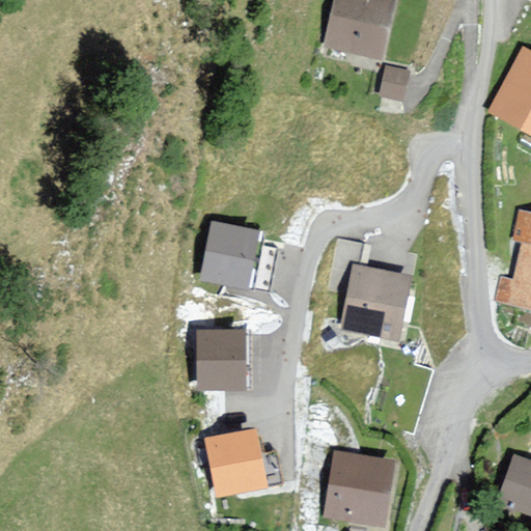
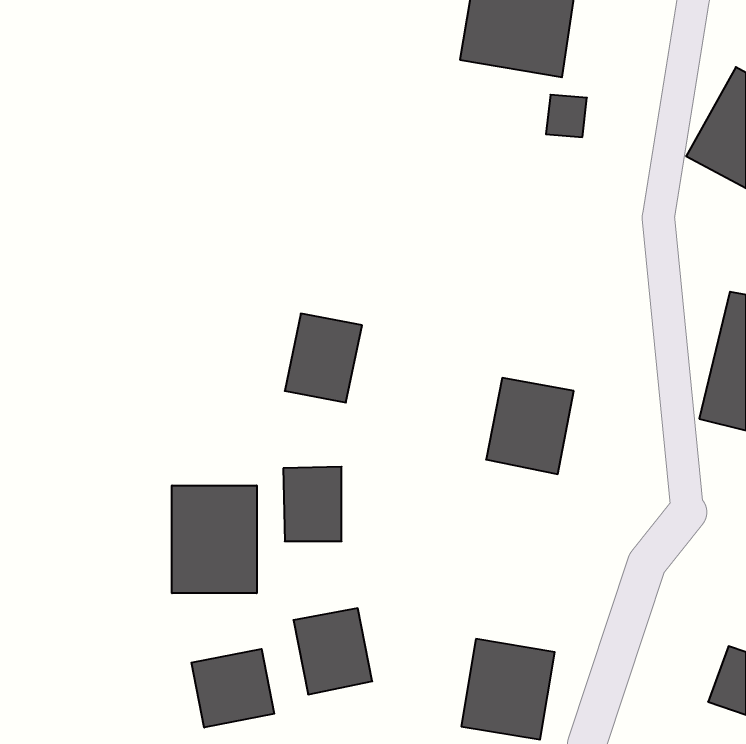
building: none -> [172,485,257,593]
building: none -> [191,649,274,728]

